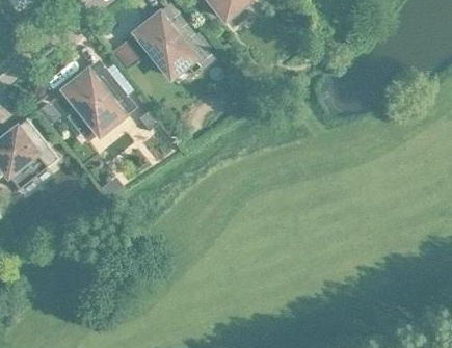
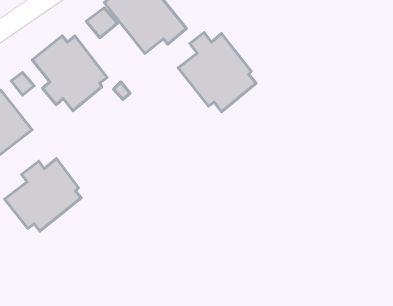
building: none -> [178,32,256,112]
building: none -> [5,159,81,231]

